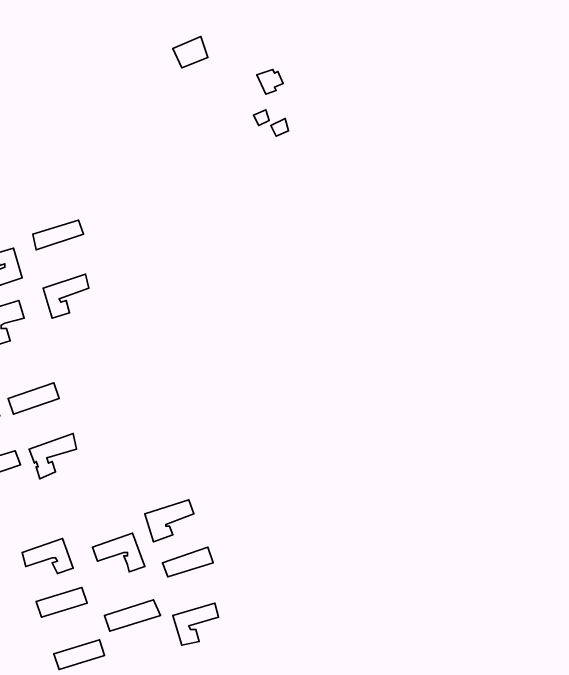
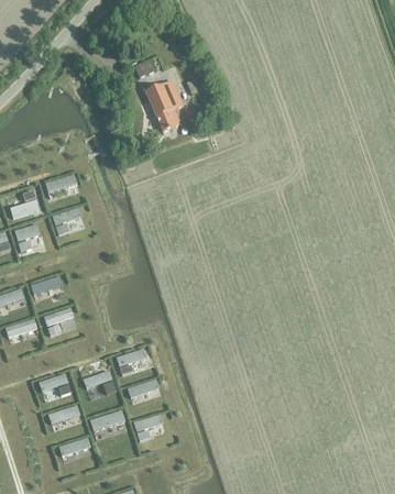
building: none -> [144,81,182,133]

